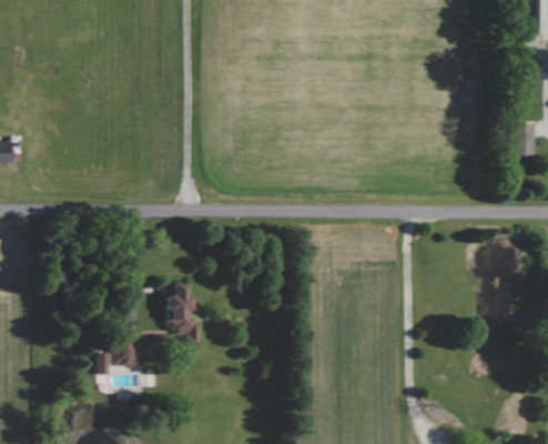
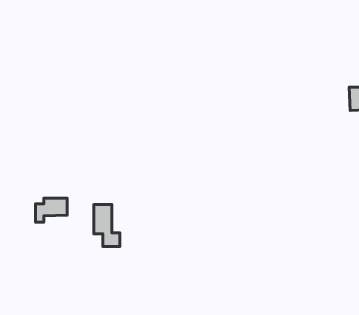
building: [99,342,142,375] -> [36,198,67,222]

